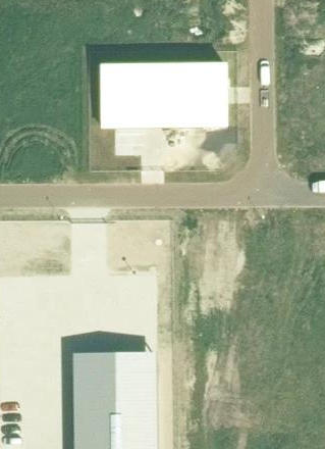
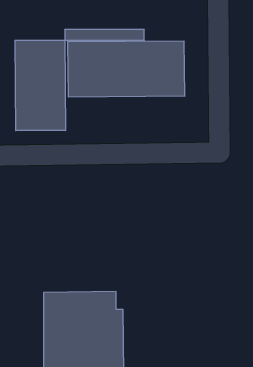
building: none -> [15,40,65,131]

